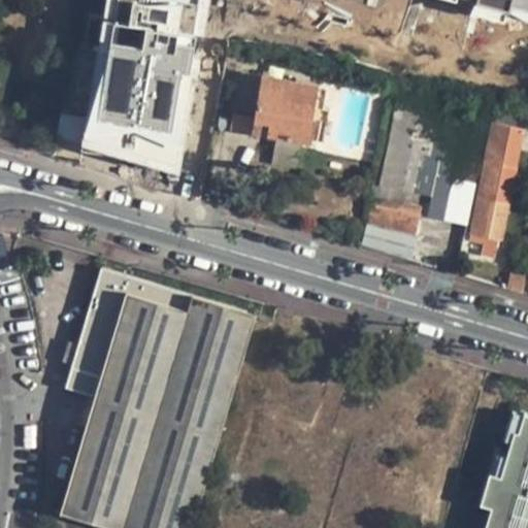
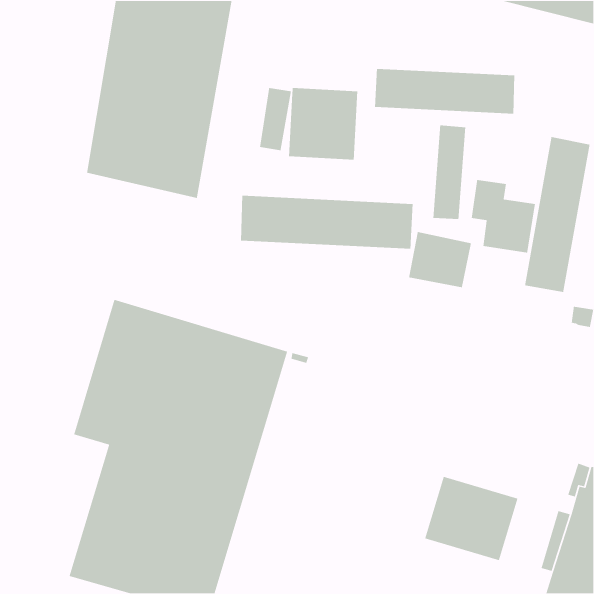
building: none -> [374,68,515,114]
building: none -> [240,195,414,249]
building: none -> [424,476,518,561]

